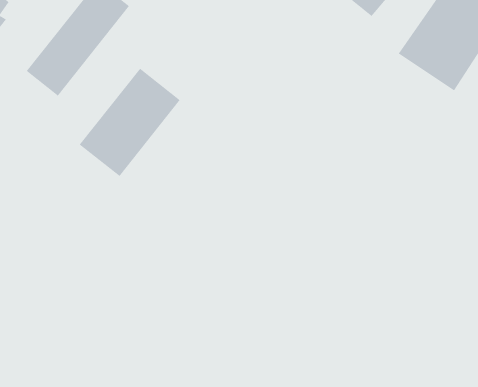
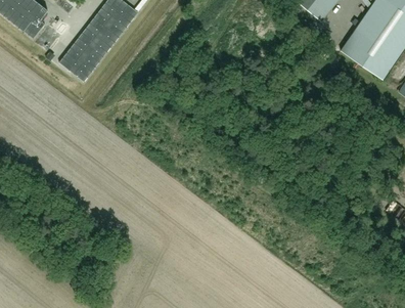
building: [79,68,180,177] -> none

